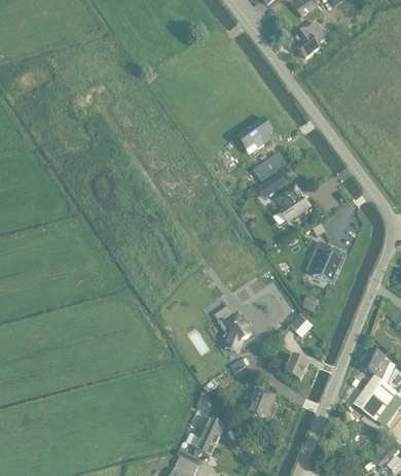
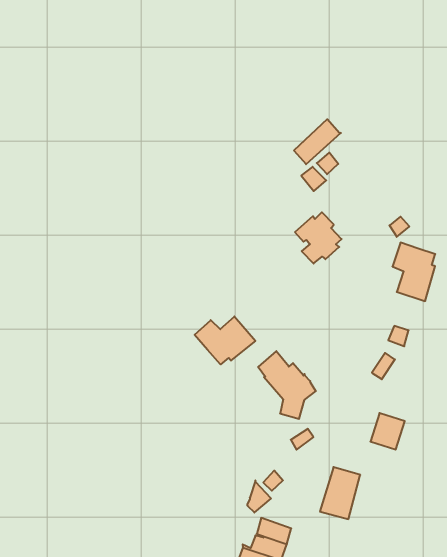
building: [239,117,271,148] -> none
building: [276,186,306,220] -> [295,212,342,264]
building: none -> [195,316,255,364]

